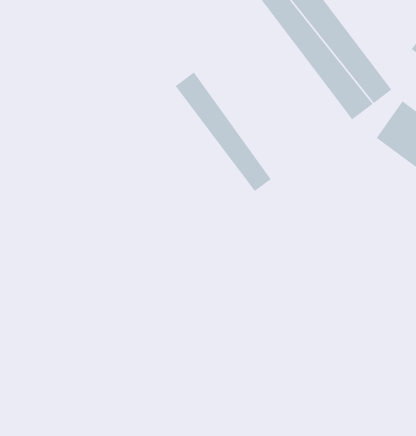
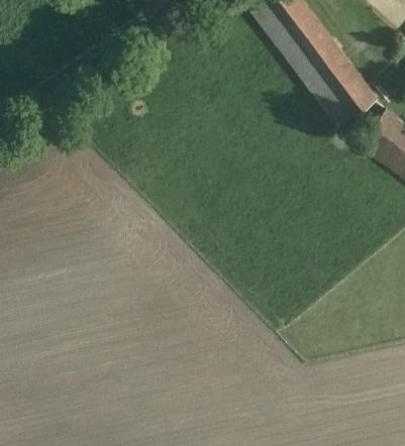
building: [175,71,271,192] -> none

